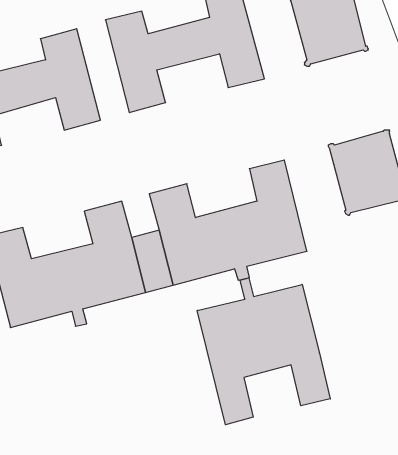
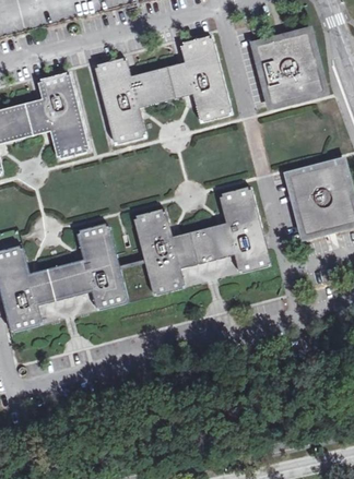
building: [197,278,330,425] -> none

